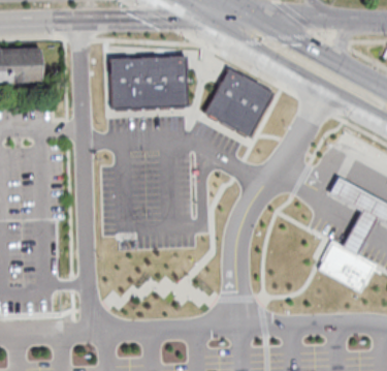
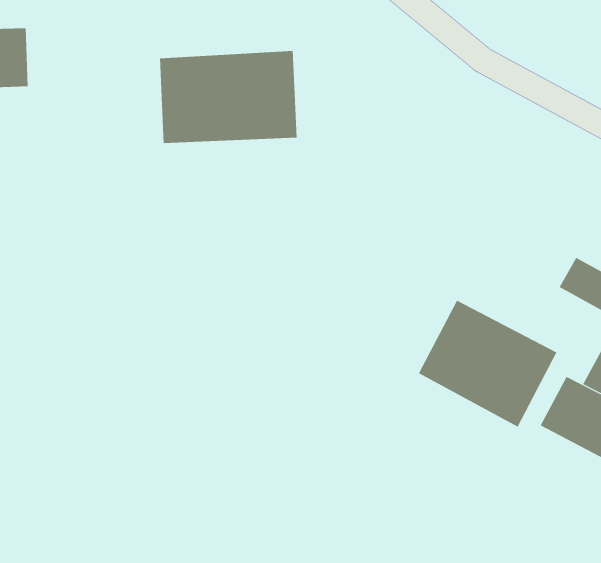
building: [207,72,276,140] -> none
building: none -> [418,300,557,428]

